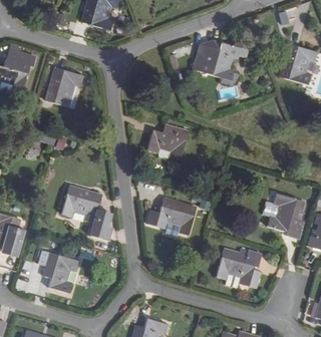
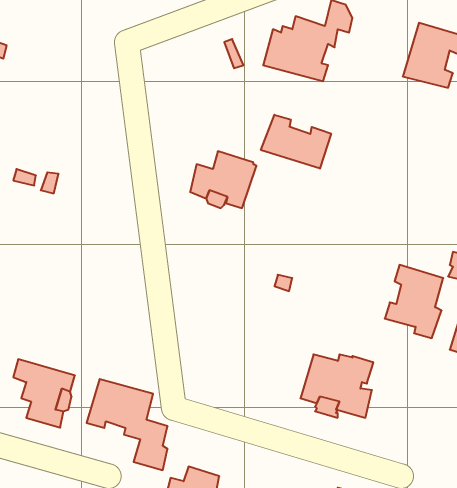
building: [45,68,82,105] -> none
building: none -> [261,115,331,169]
building: [61,185,111,241] -> [87,379,168,470]
building: [147,197,197,234] -> none

